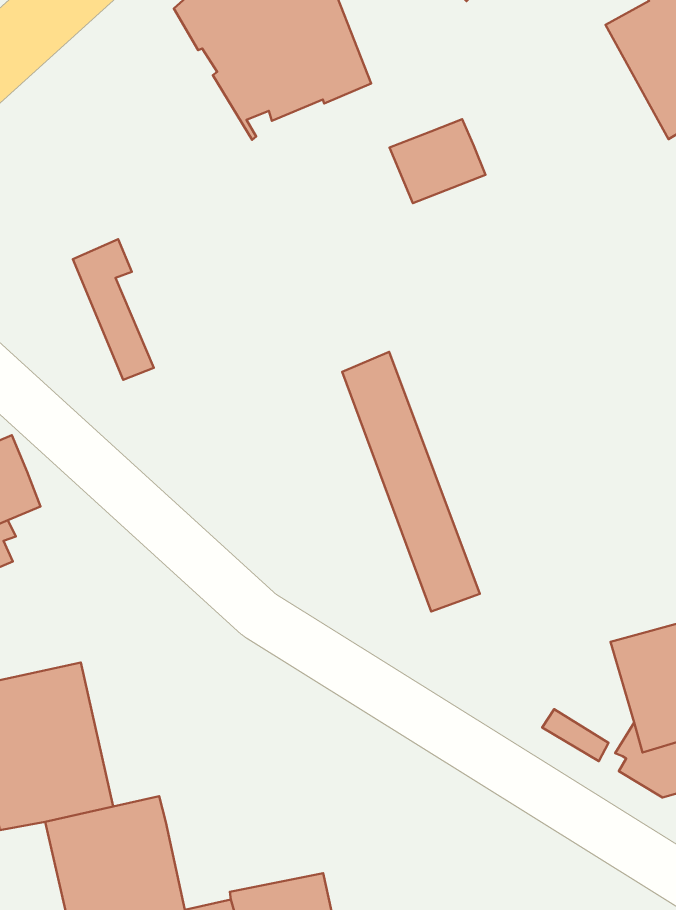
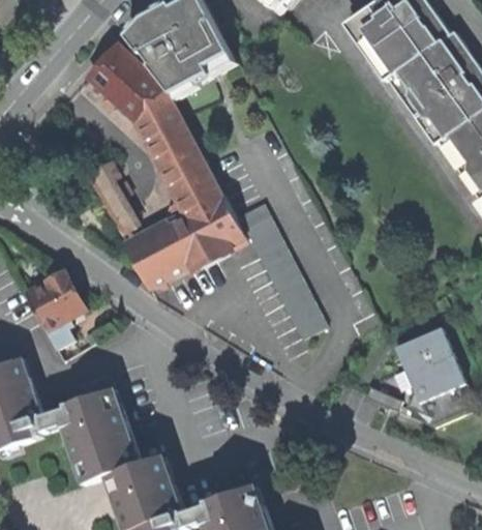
building: none -> [85,43,242,290]
building: [389,119,486,203] -> none

